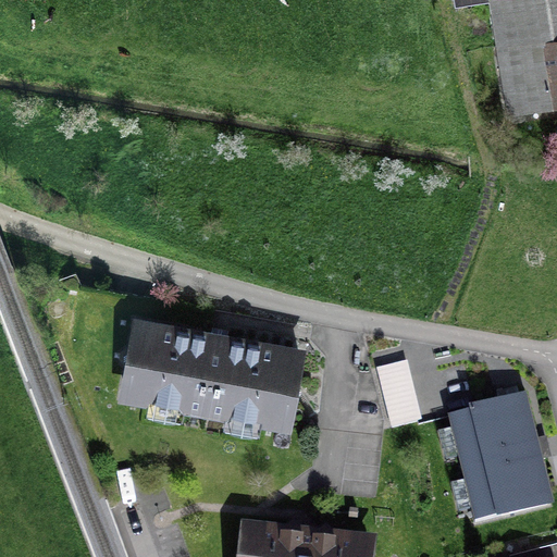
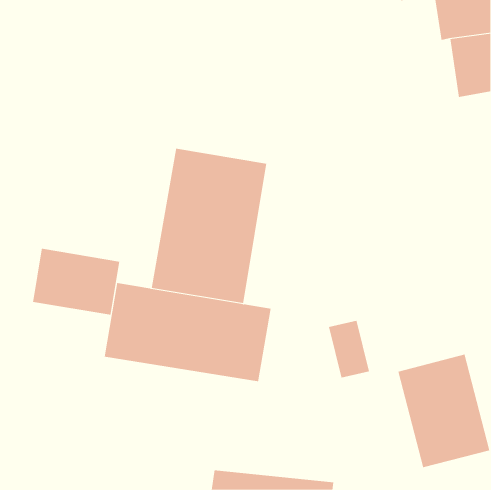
building: none -> [151,148,267,304]
building: none -> [32,248,120,316]

